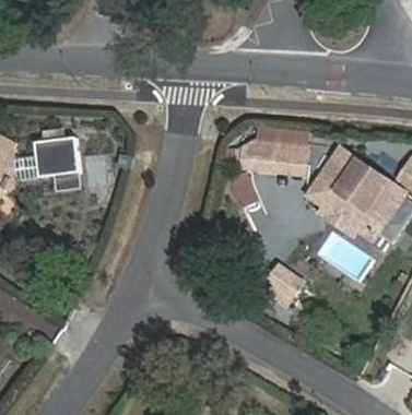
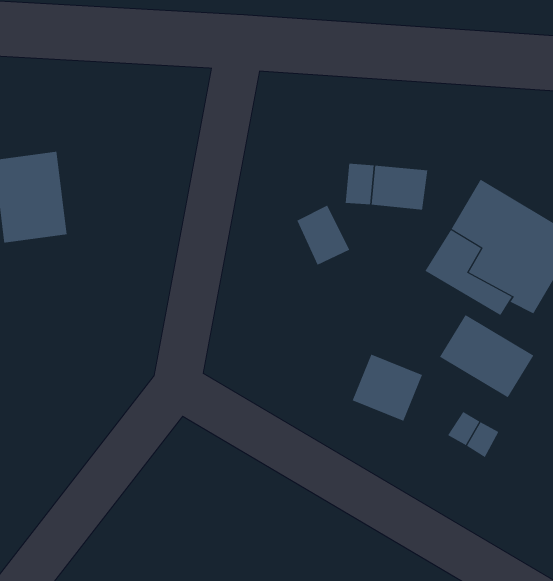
building: none -> [439,314,534,398]

